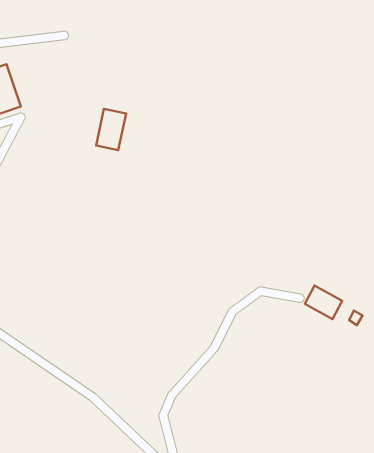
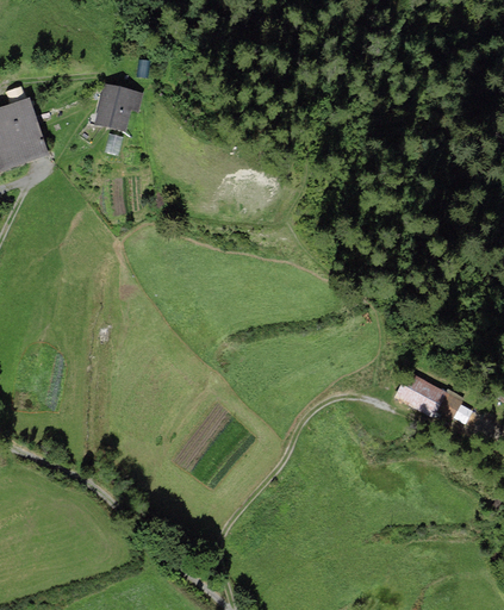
building: [96,109,126,150] -> [95,81,132,132]

